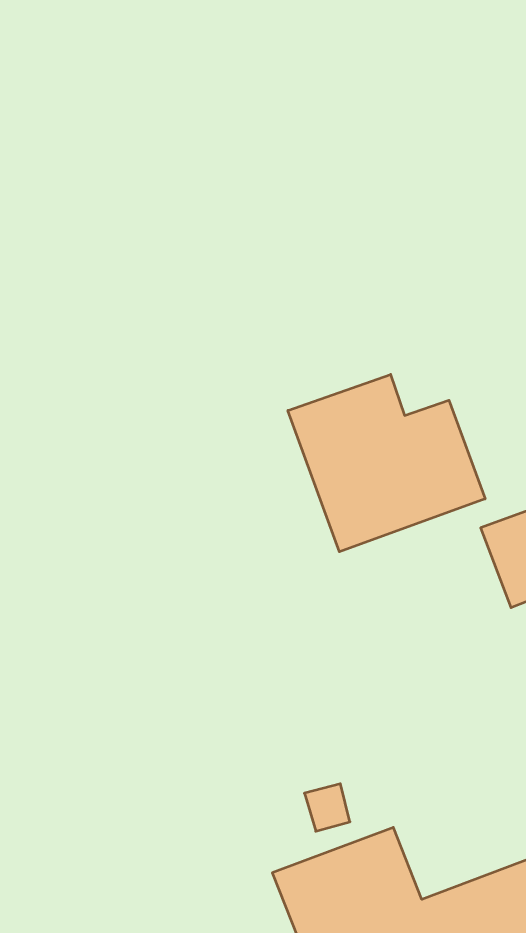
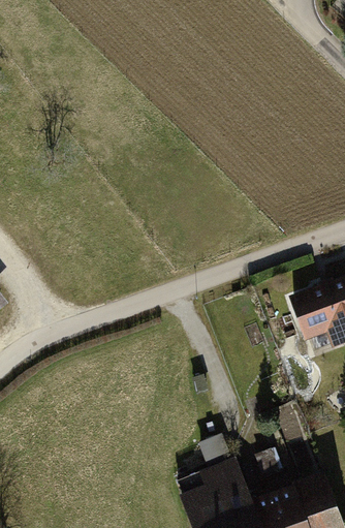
building: [288,374,485,552] -> none

